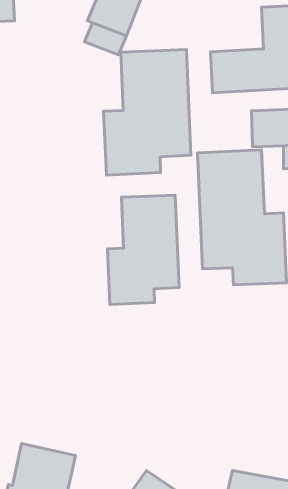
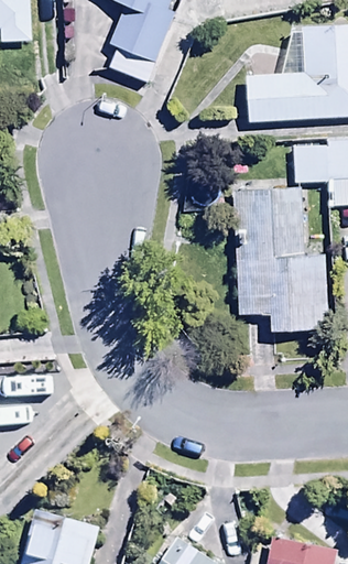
building: [104,50,191,175] -> none
building: [107,195,179,305] -> none

